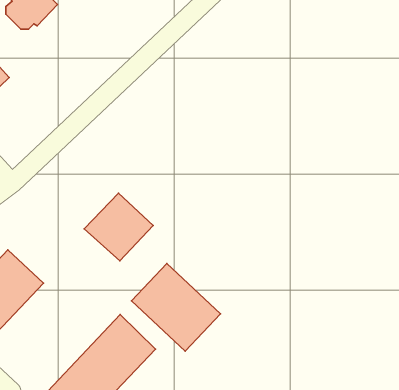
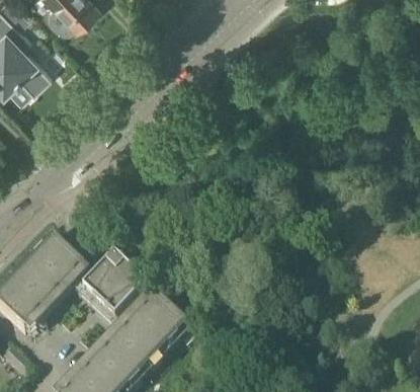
building: [84,193,153,261] -> [78,257,143,321]
building: [131,263,220,351] -> none

